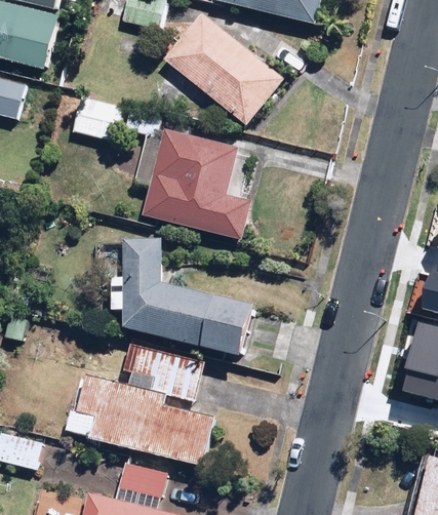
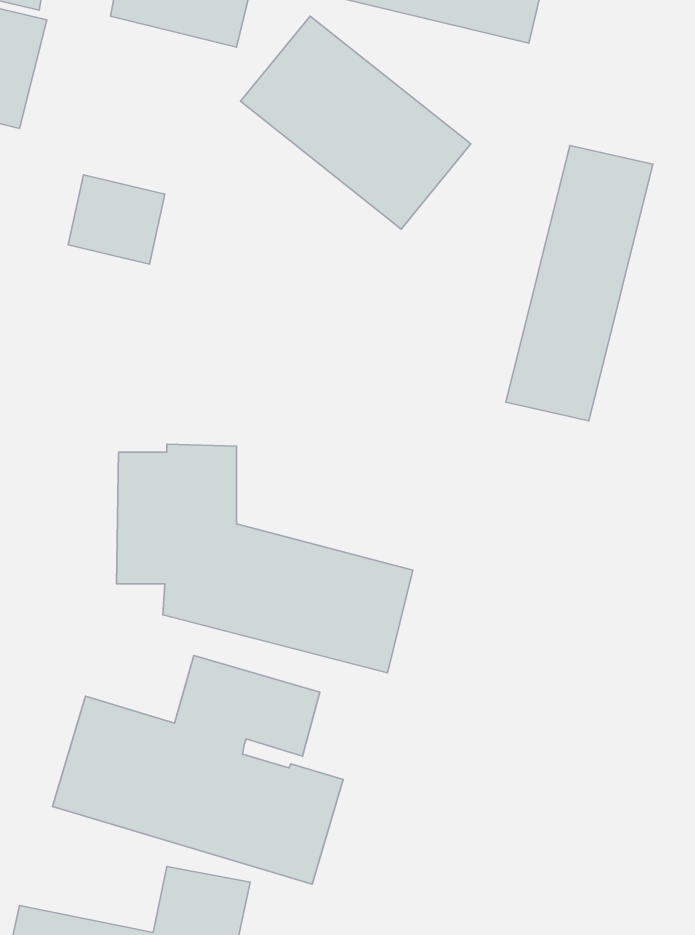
building: none -> [506,145,653,421]
building: [124,108,248,238] -> none

